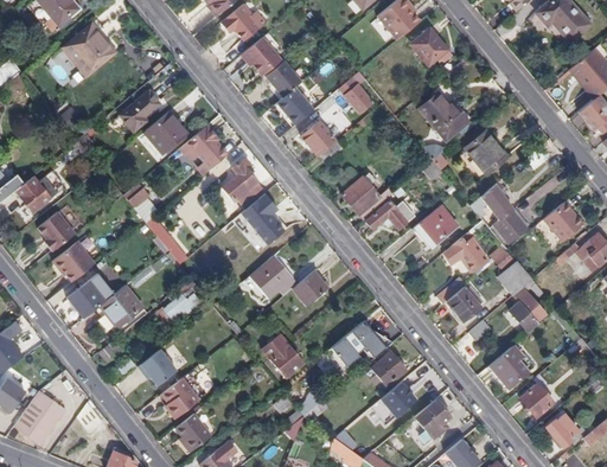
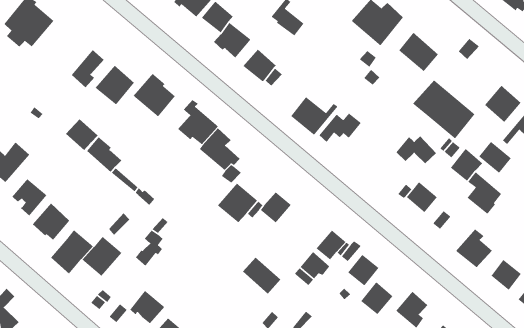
building: none -> [65,119,98,151]
building: [417,205,458,244] -> none
building: none -> [478,141,512,174]

